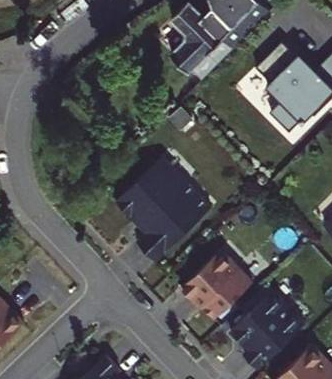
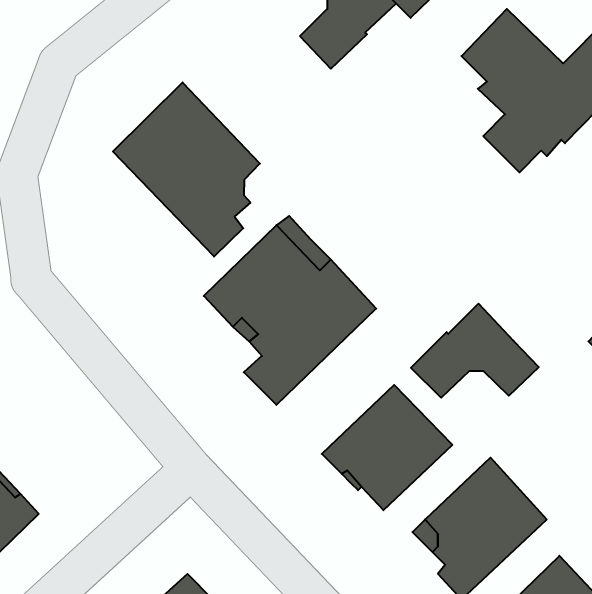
building: none -> [113,82,260,257]
building: none -> [411,304,539,398]

